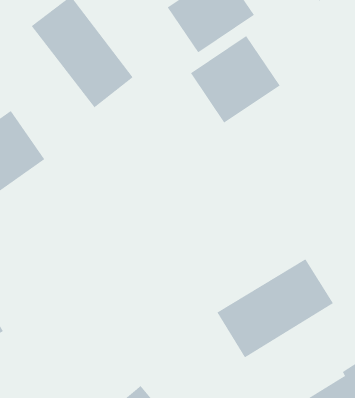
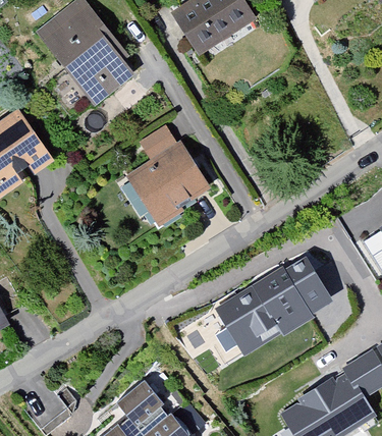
building: [190,35,280,123] -> none
building: none -> [124,140,214,231]

